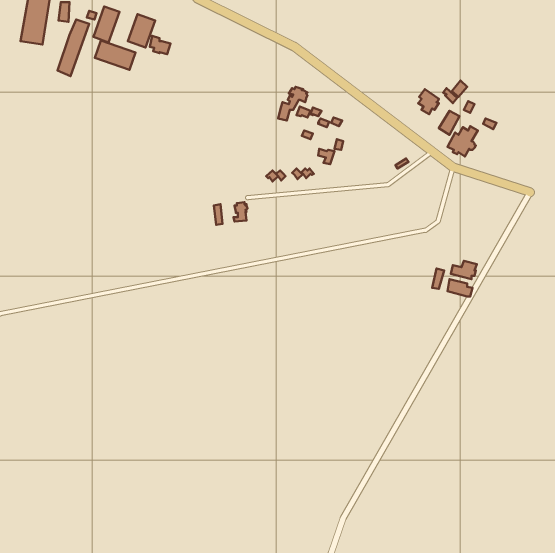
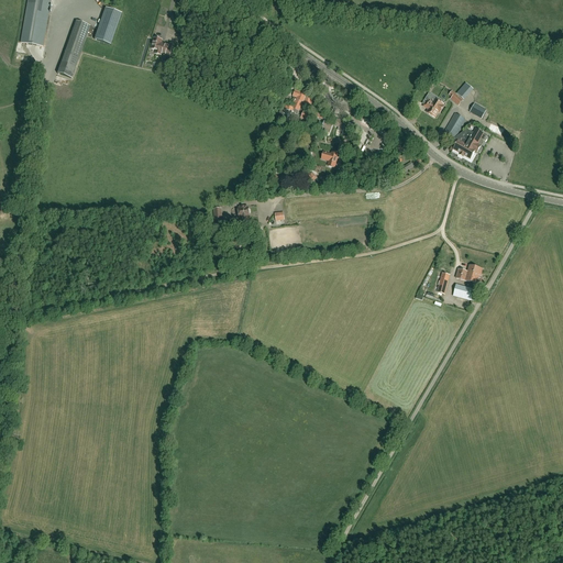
building: [128,14,155,48] -> none
building: [95,40,135,70] -> none

